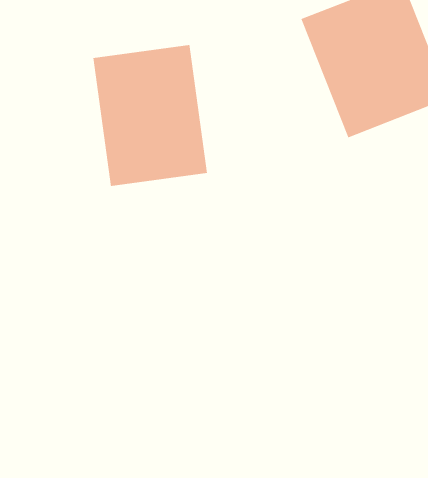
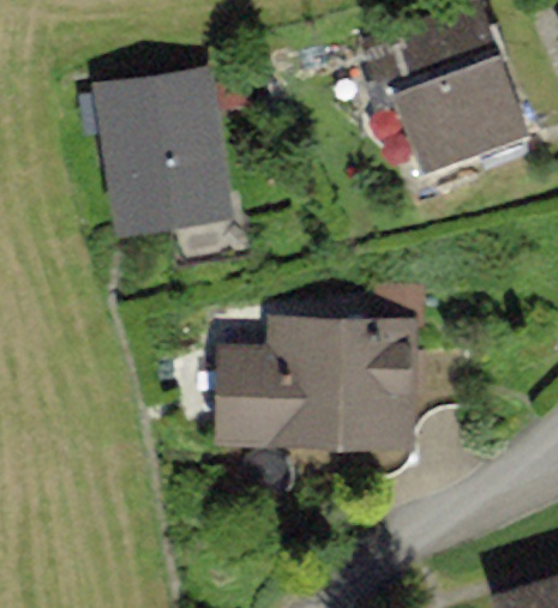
building: none -> [218,337,400,452]

